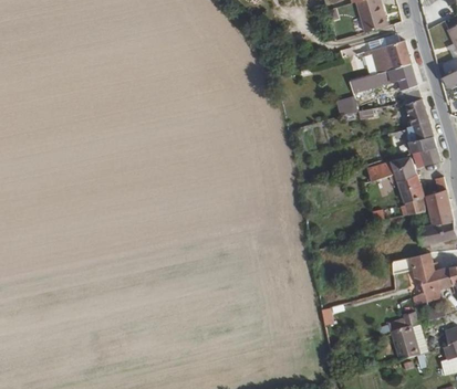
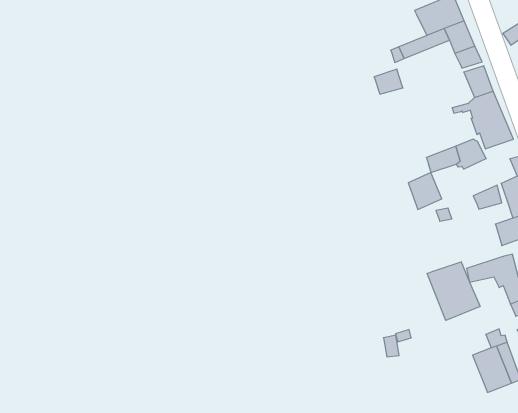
building: [397,175,423,203] -> [408,172,442,210]
building: none -> [427,262,480,320]

